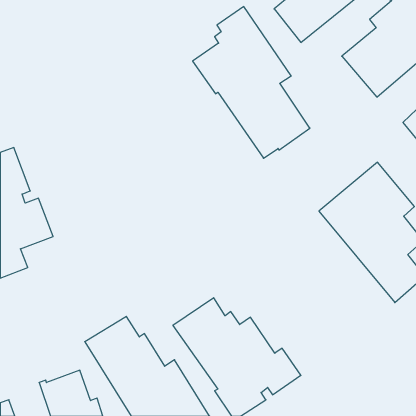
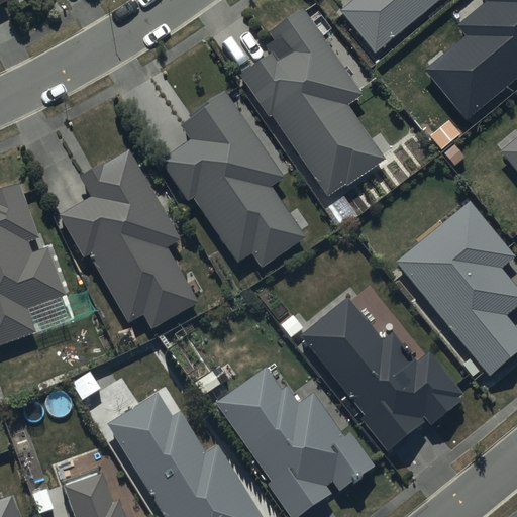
building: none -> [160,92,305,268]
building: none -> [59,150,198,330]
building: none -> [301,298,459,451]

